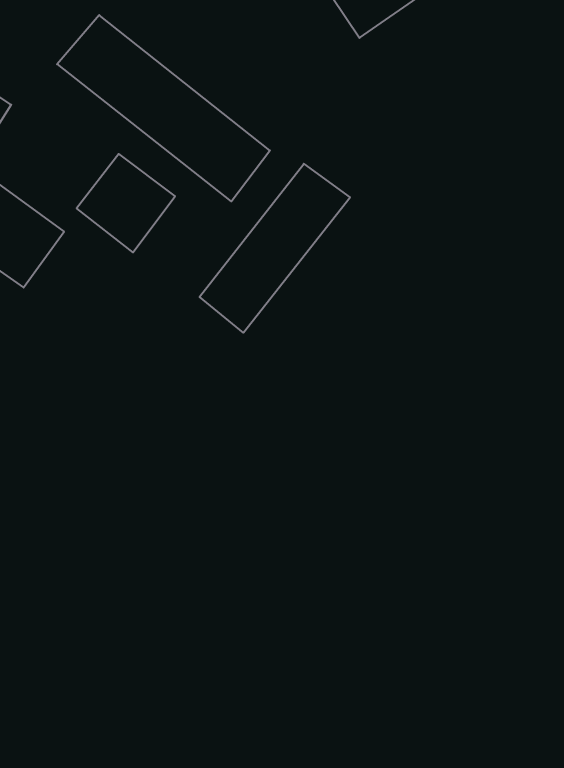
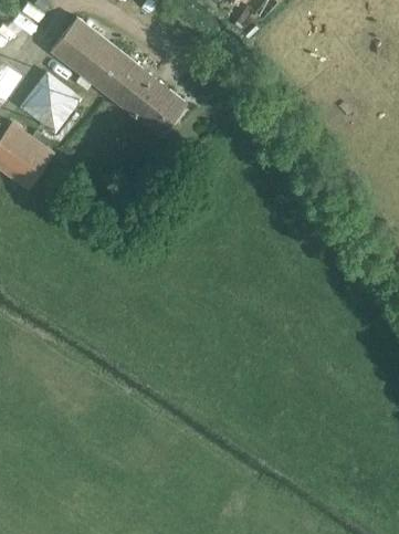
building: [77,154,175,252] -> [20,72,82,134]
building: [200,164,350,333] -> none

